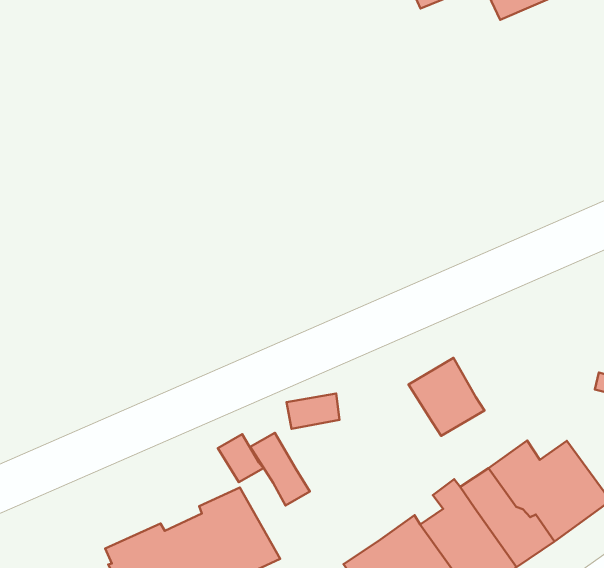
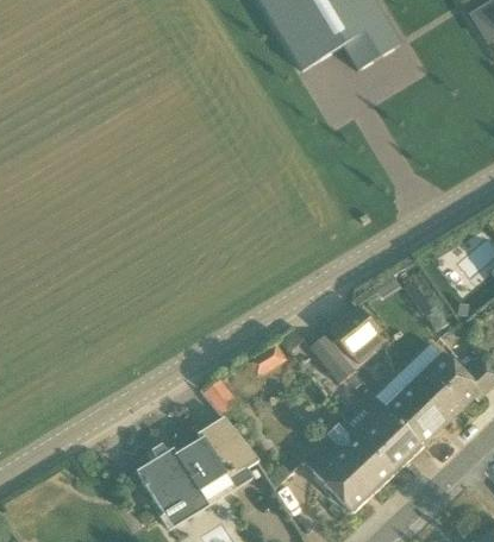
building: [250,433,310,505] -> [309,333,355,382]

